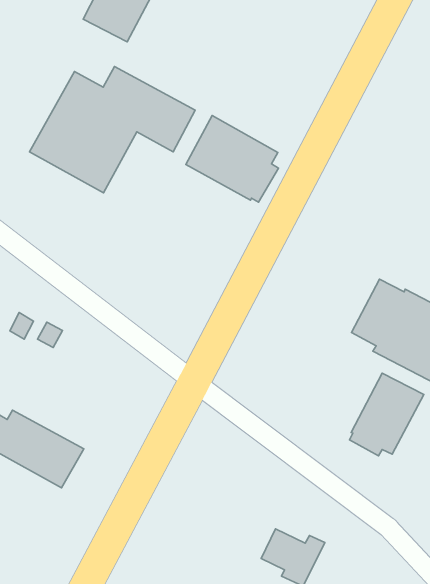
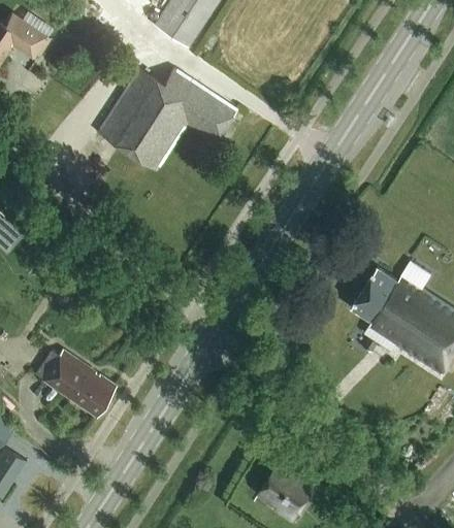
building: [186,115,279,202] -> none
building: [349,373,424,456] -> none

